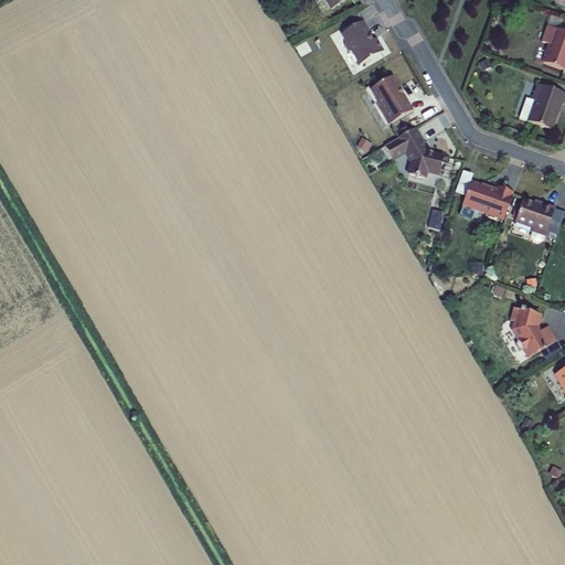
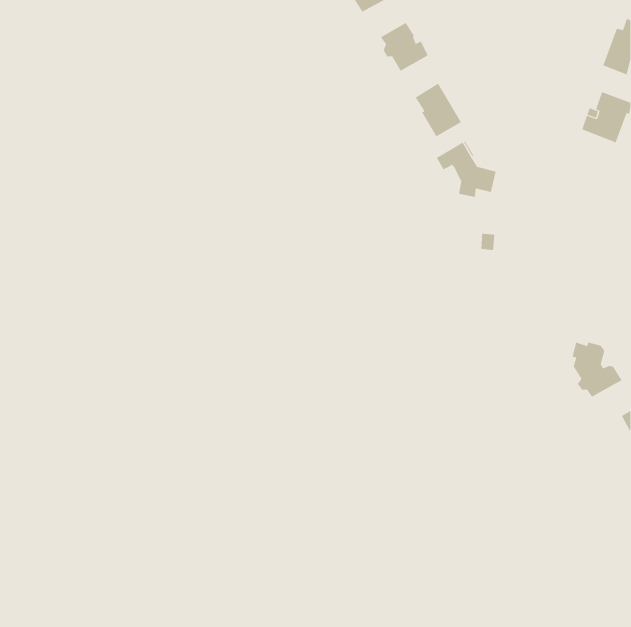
building: [460,180,513,218] -> none
building: [515,198,555,241] -> none

